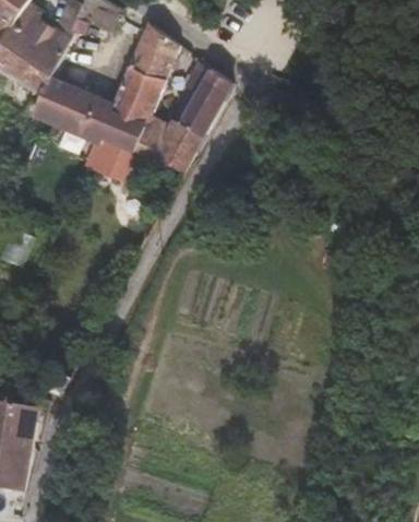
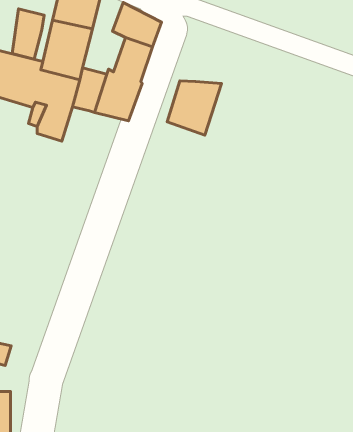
building: none -> [12,9,44,59]
building: none -> [167,81,221,135]

